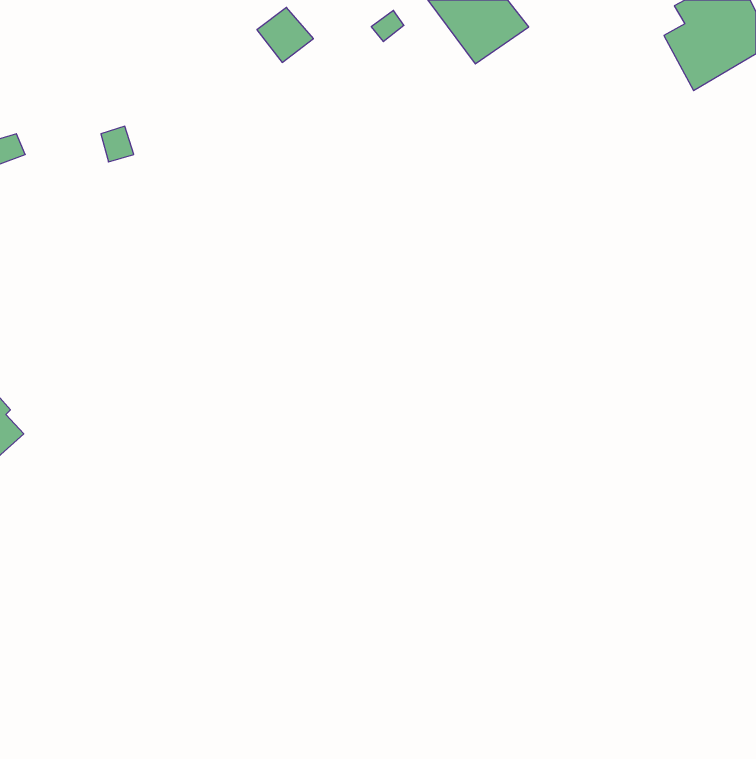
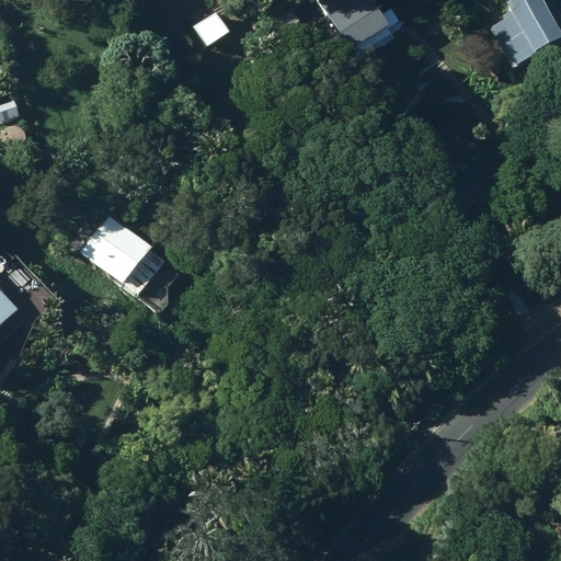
building: none -> [79,213,163,294]

